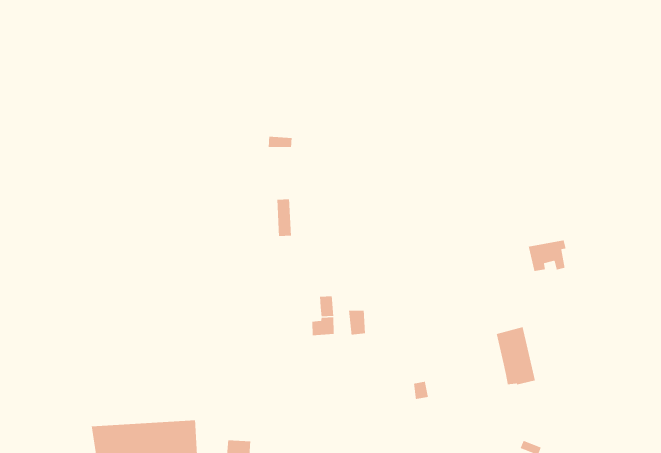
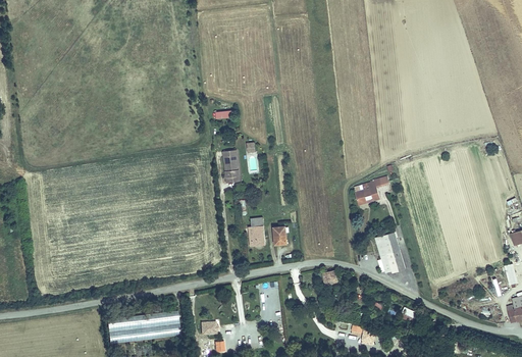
building: [528,240,567,272] -> [354,177,380,201]

